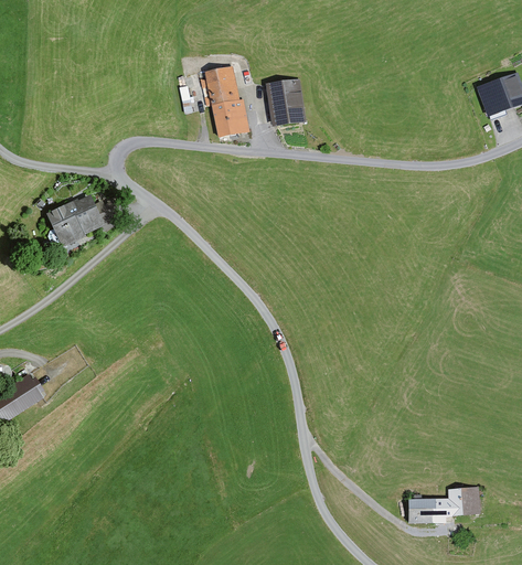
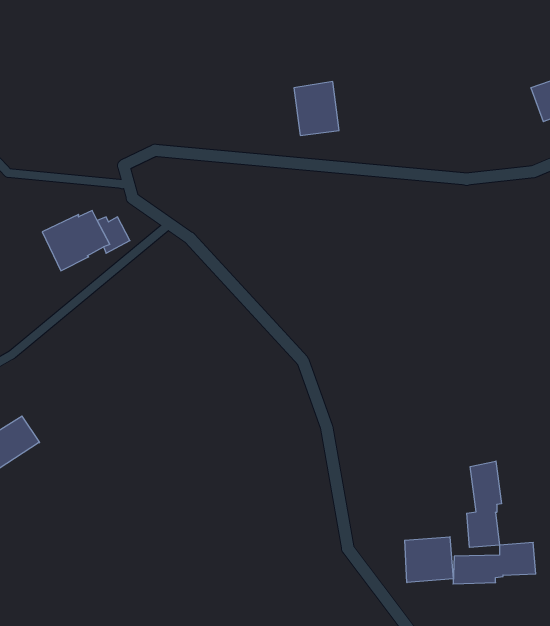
building: [201,65,249,137] -> none
building: none -> [467,461,501,547]
building: none -> [405,537,453,583]

